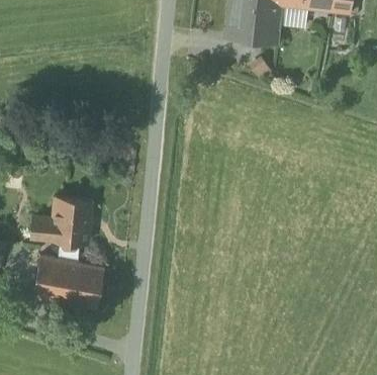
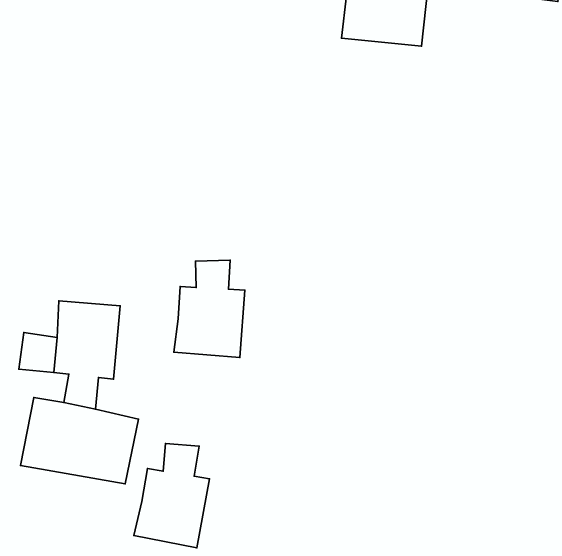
building: none -> [174,260,245,358]
building: none -> [134,444,210,548]

